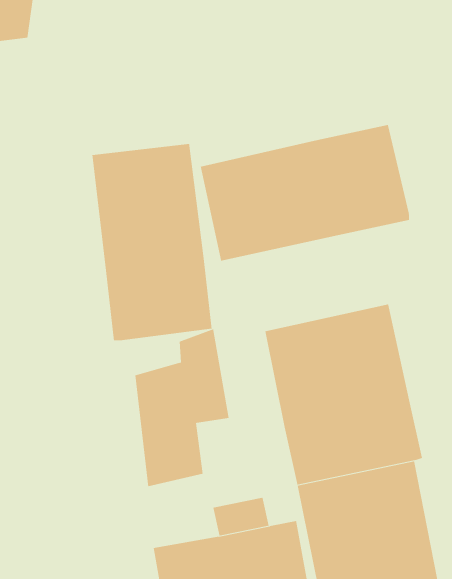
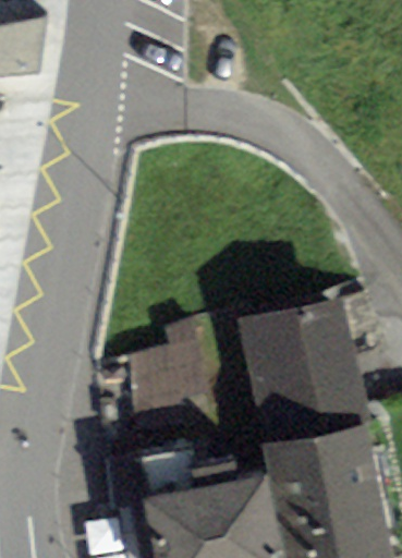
building: [200,124,410,262] -> none
building: [92,143,212,341] -> none

